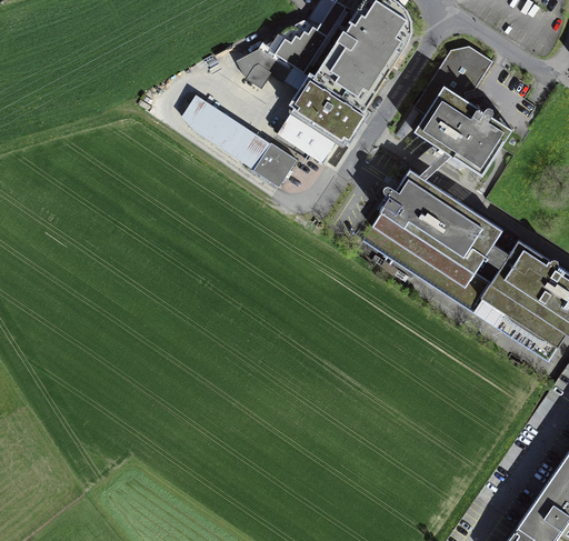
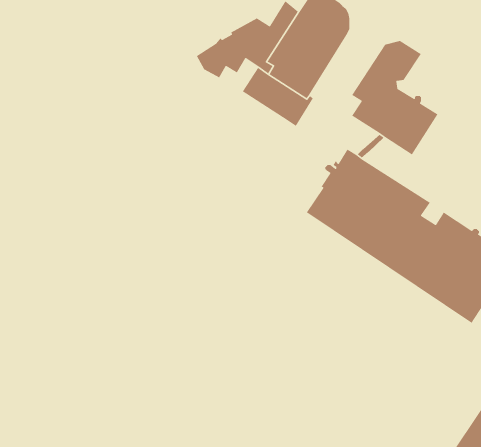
building: [184,96,300,187] -> none
building: [276,108,340,164] -> none

